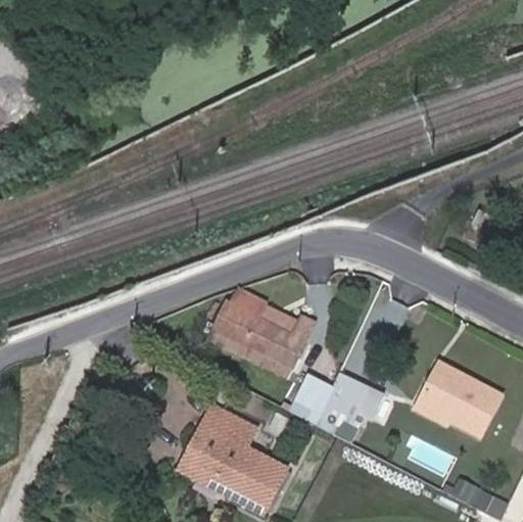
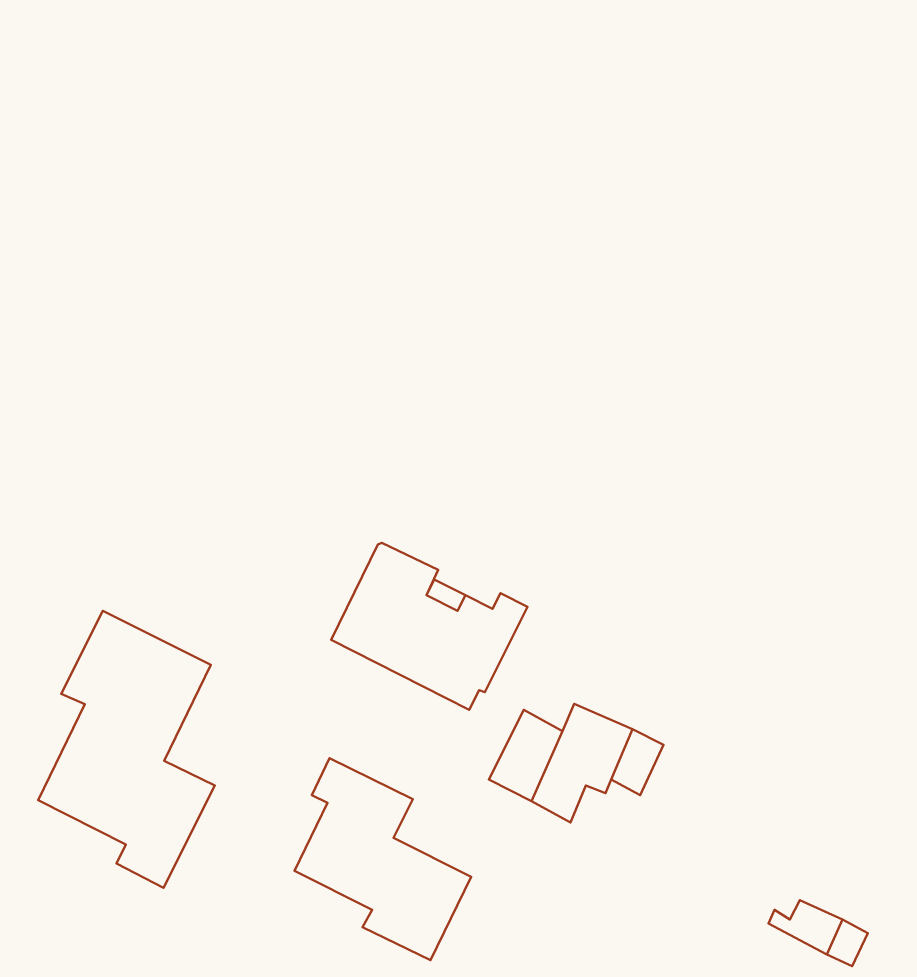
building: none -> [38,611,215,888]
building: [417,364,501,433] -> none
building: [180,422,234,491] -> none

